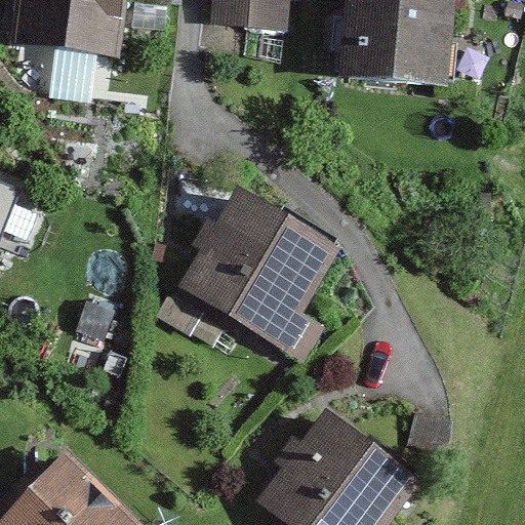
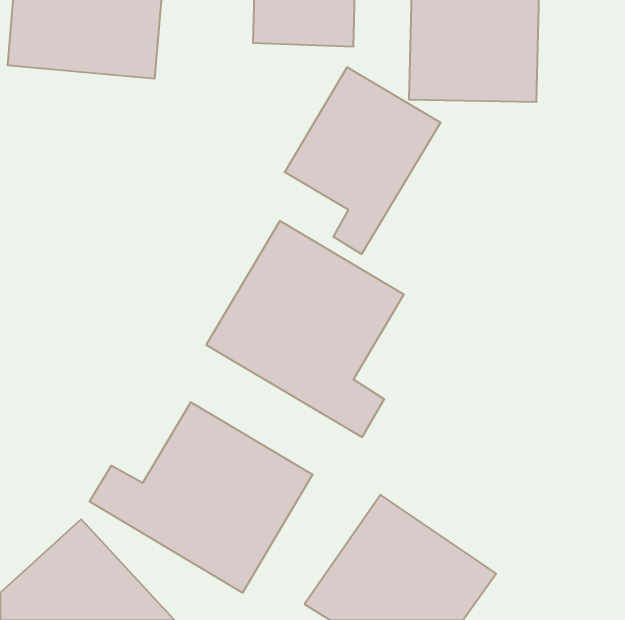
building: none -> [285,67,440,254]
building: none -> [90,402,313,593]

